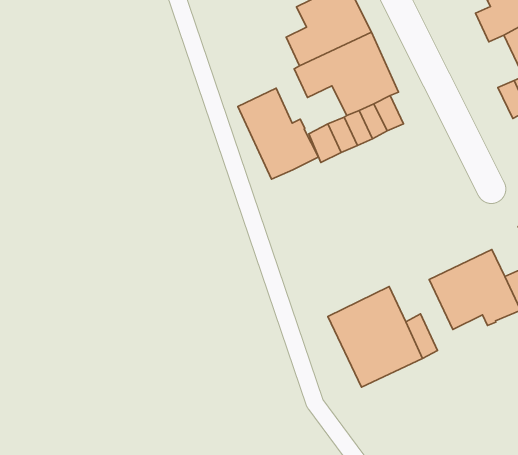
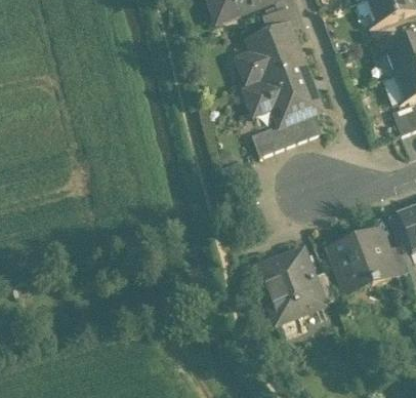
building: [238,88,318,179] -> none

